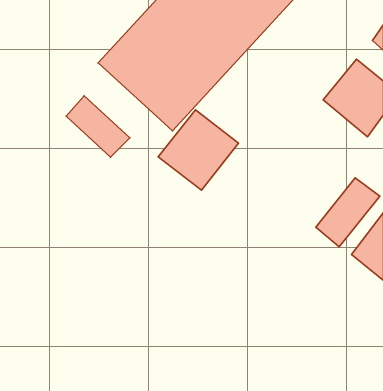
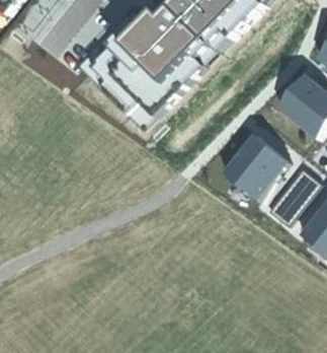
building: [66,96,130,157] -> none
building: [158,110,239,190] -> [221,128,287,194]

